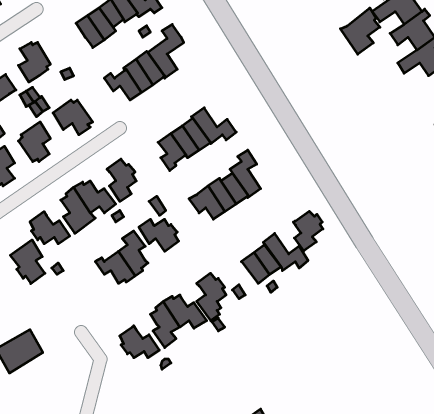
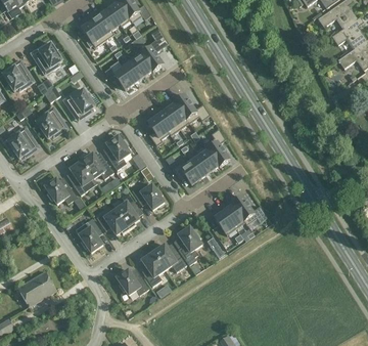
building: [340,8,380,54] -> none
building: [293,211,323,251] -> none
building: [10,240,45,284] -> [75,217,102,252]

